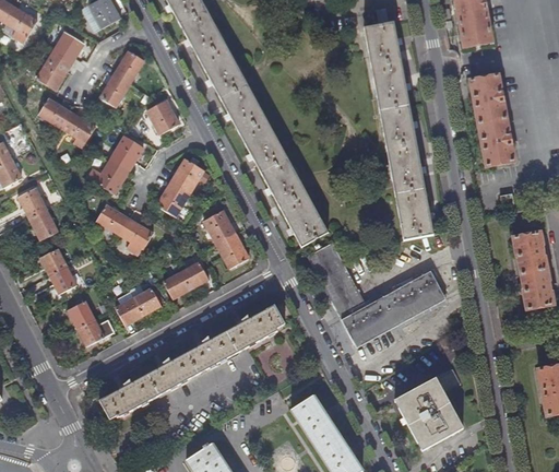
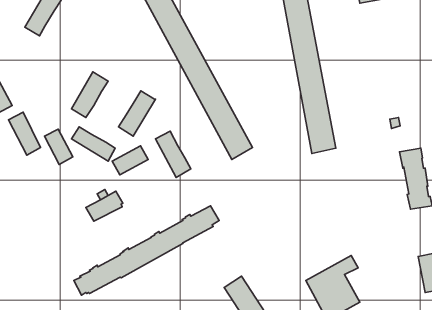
building: [99,50,143,106] -> none
building: [469,74,514,166] -> none
building: [38,97,94,141] -> none
building: [146,99,178,133] -> none
building: [306,240,444,346] -> none
building: [39,248,75,293] -> [44,129,73,164]
building: [163,261,209,298] -> [112,146,148,175]
building: [66,300,103,345] -> none

